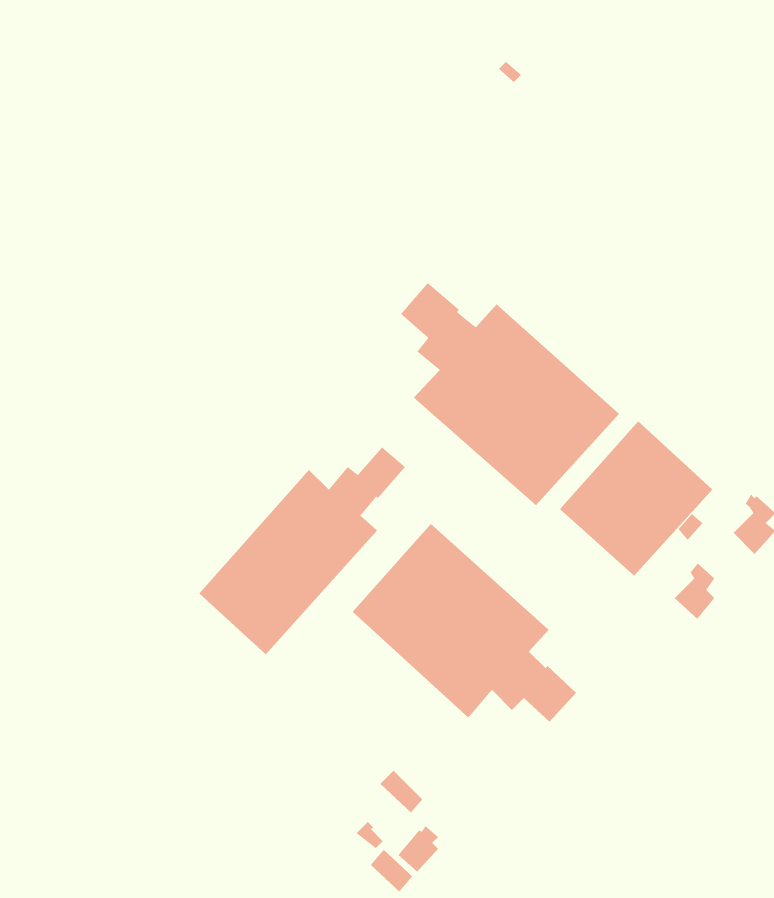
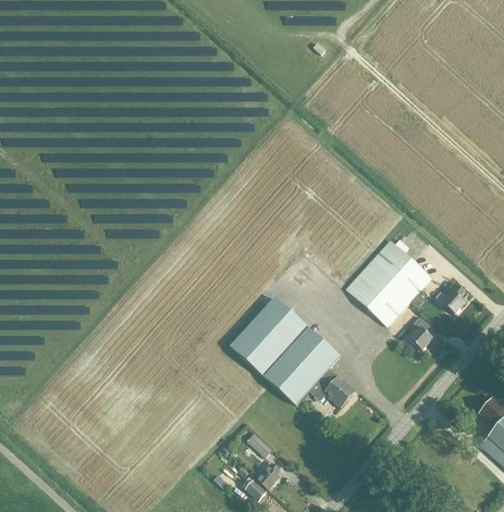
building: [400,282,620,506] -> none
building: [199,447,406,655] -> none

